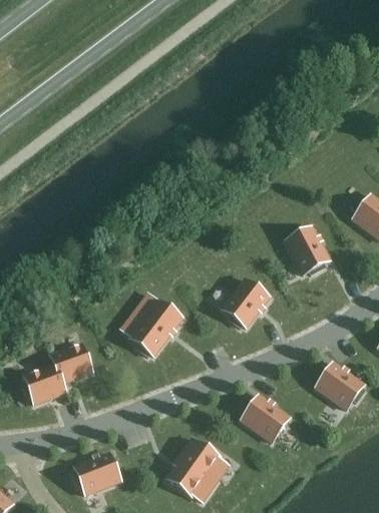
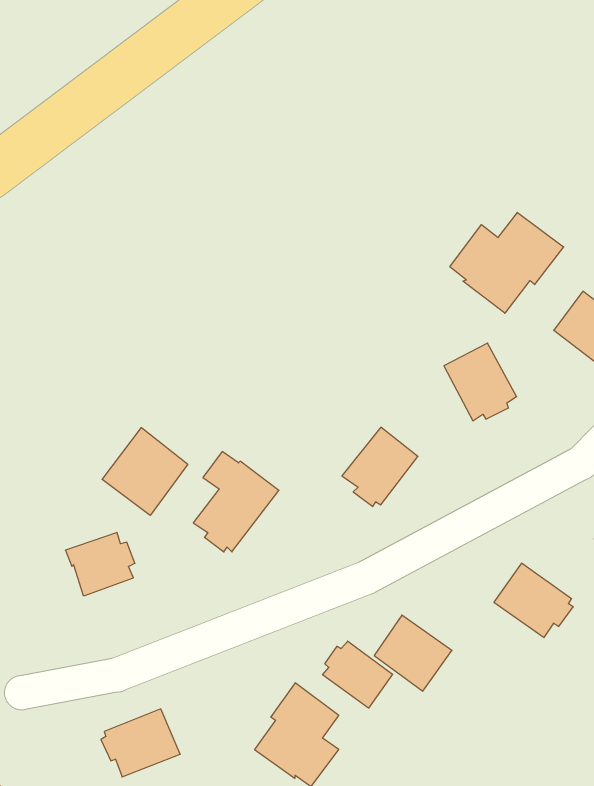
building: none -> [450,212,564,313]
building: none -> [102,428,188,515]
building: [22,364,65,404] -> none
building: none -> [322,641,393,708]

